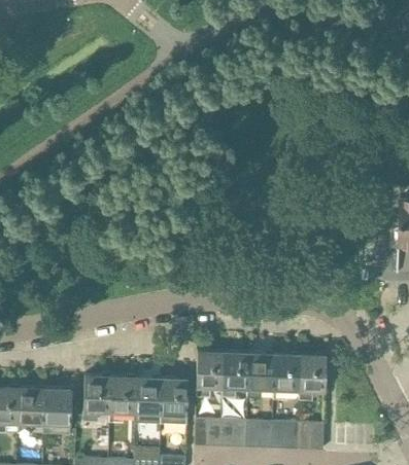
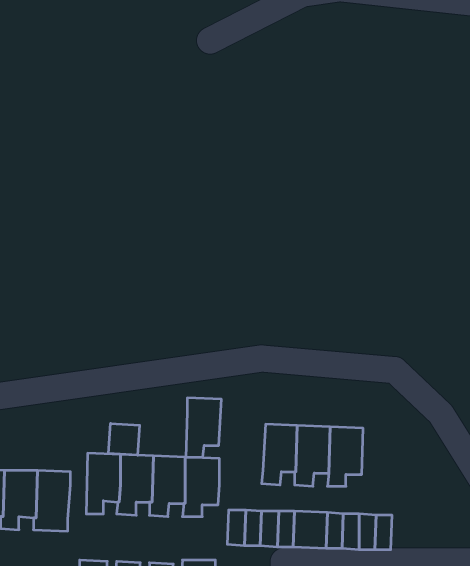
building: [197,350,225,396] -> [186,398,221,457]
building: none -> [109,423,140,455]
building: [299,354,327,400] -> none

